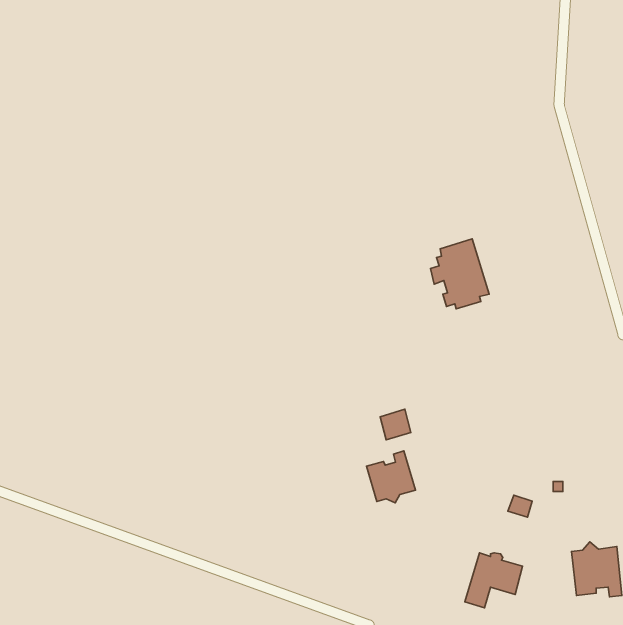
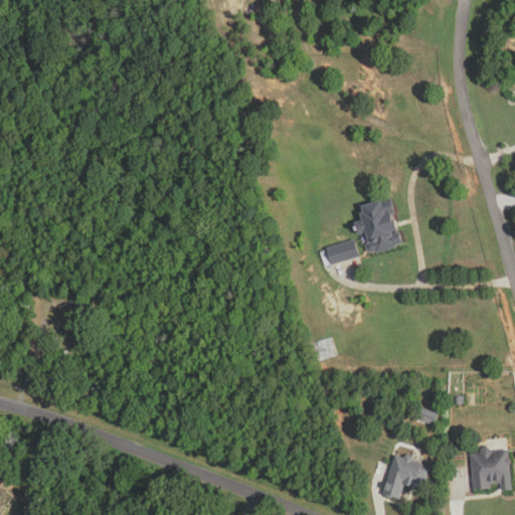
building: none -> [325,238,358,264]
building: [366,451,416,503] -> none

